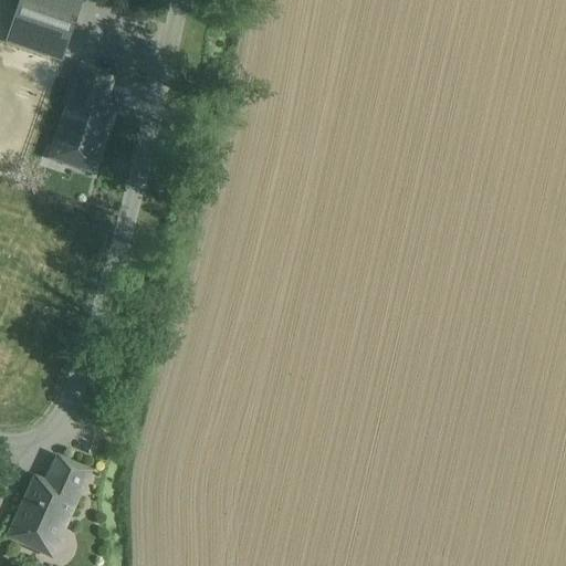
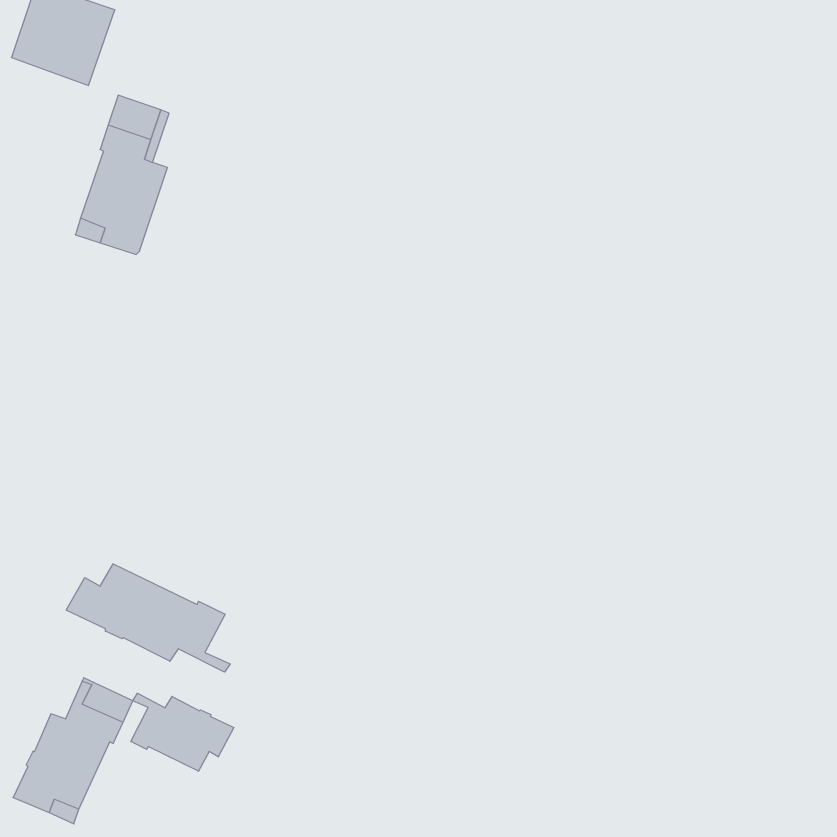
building: none -> [66,564,230,672]
building: none -> [131,693,234,771]

